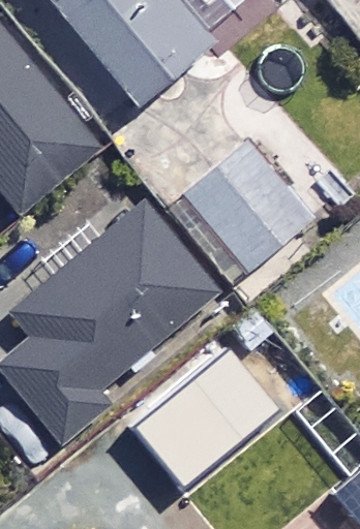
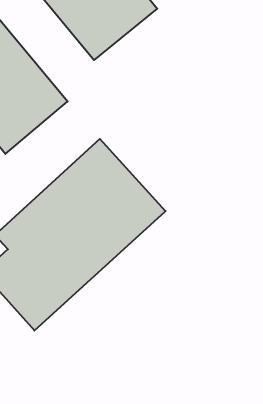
building: [175,137,318,281] -> none
building: [126,359,238,472] -> none

